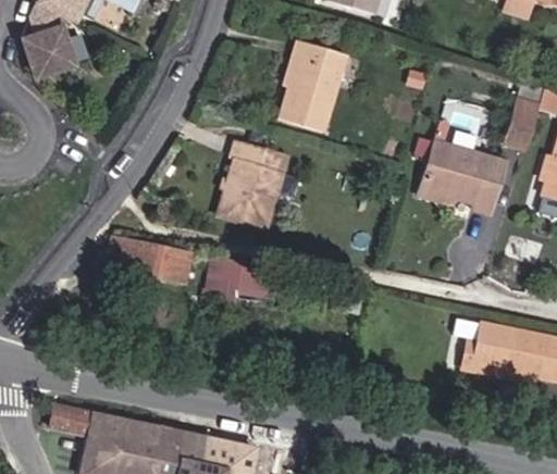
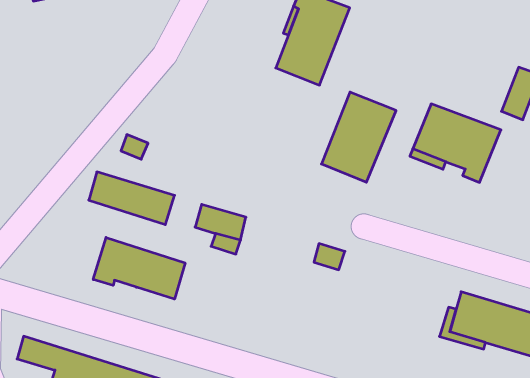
building: [219,141,287,228] -> [321,92,396,182]
building: none -> [93,237,185,299]

